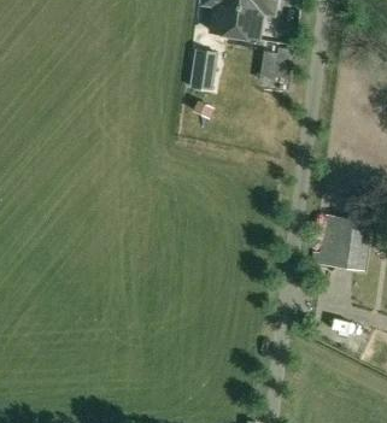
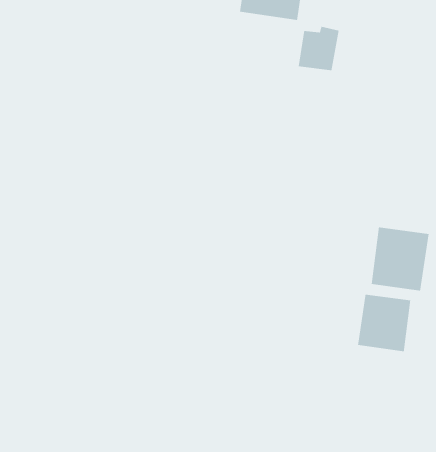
building: [190,47,219,90] -> none
building: none -> [357,294,411,352]

